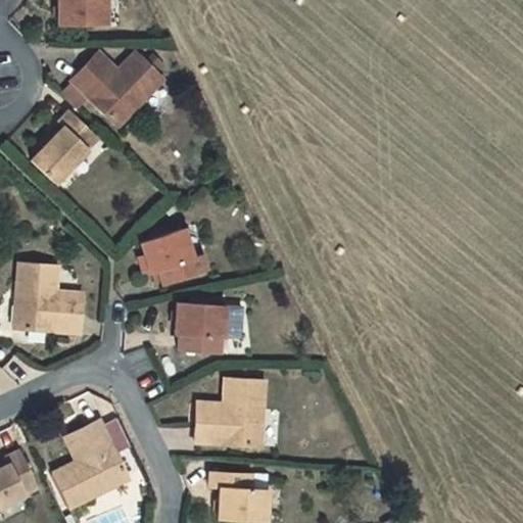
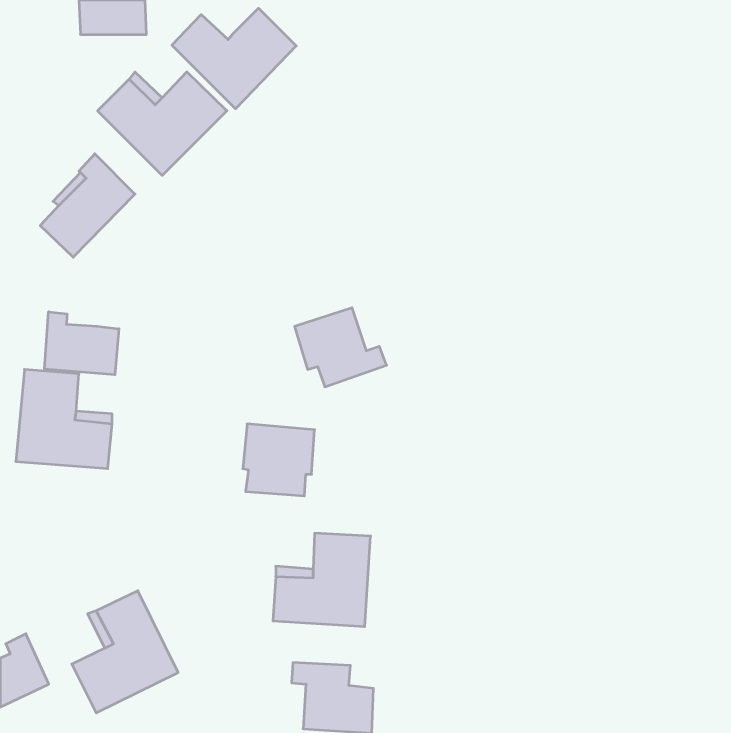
building: none -> [172,8,296,109]
building: none -> [44,312,119,375]
building: [142,229,207,285] -> [295,308,387,387]

